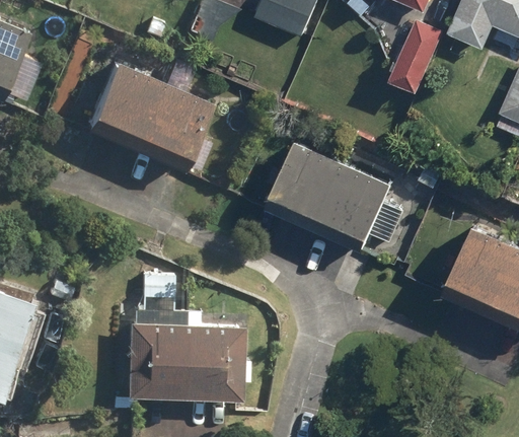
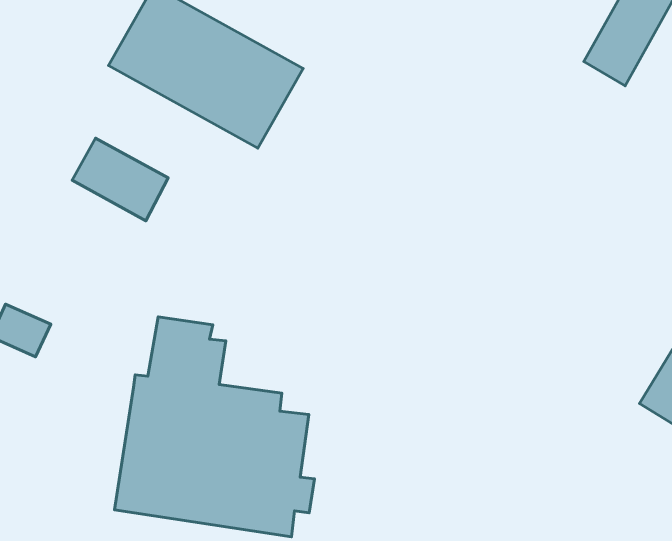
building: [268,147,404,250] -> none
building: none -> [72,138,168,221]

